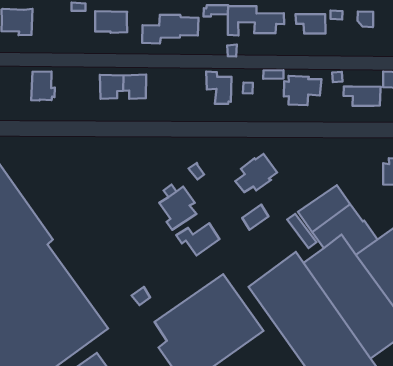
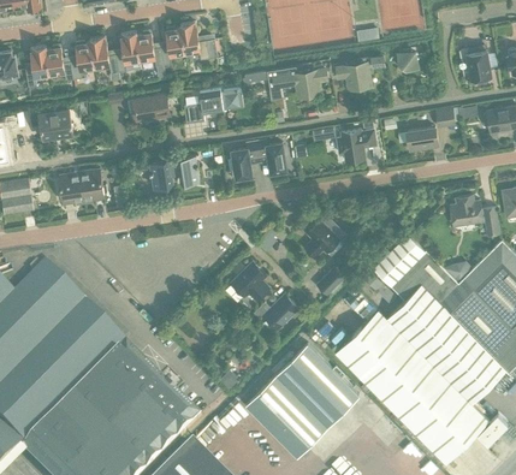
building: none -> [58,171,83,202]
building: none -> [231,141,259,177]

